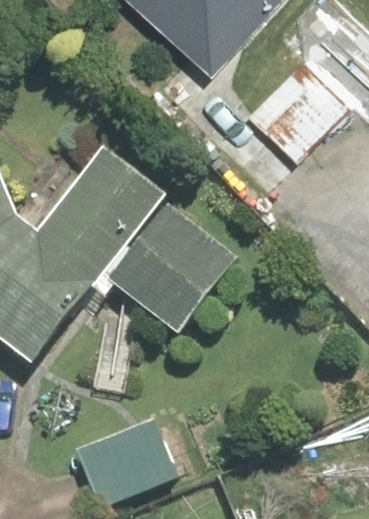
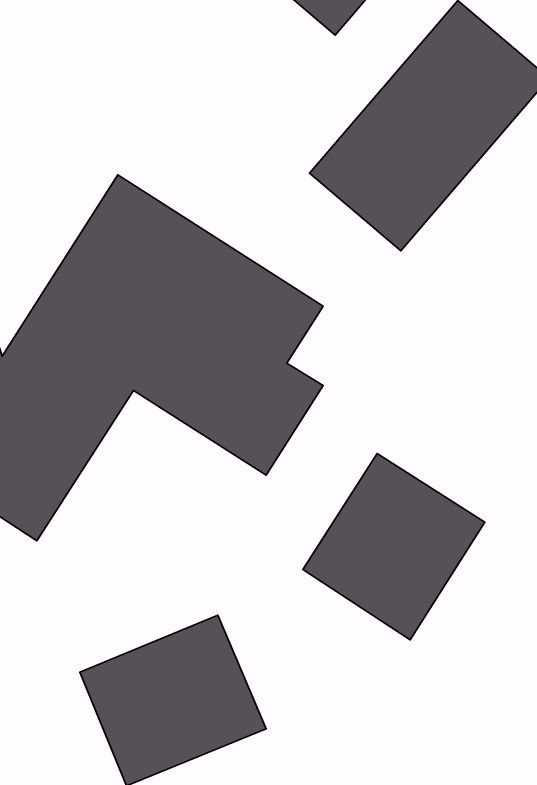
building: none -> [303,454,485,640]

